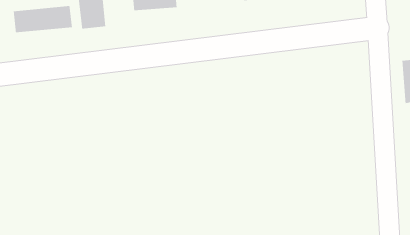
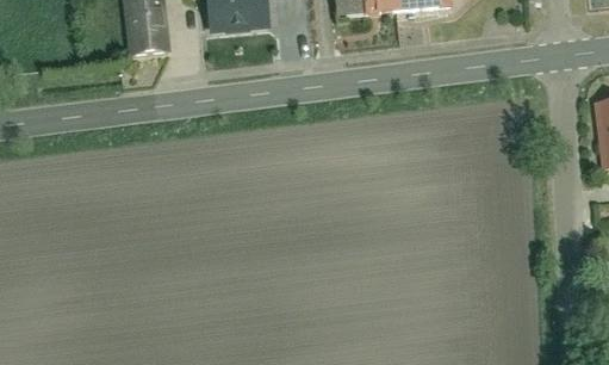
building: [13,5,73,33] -> none

